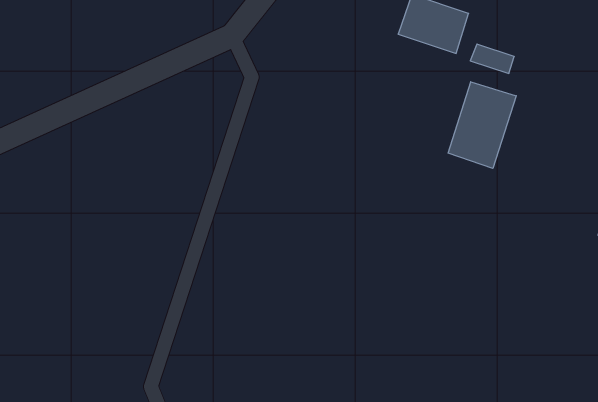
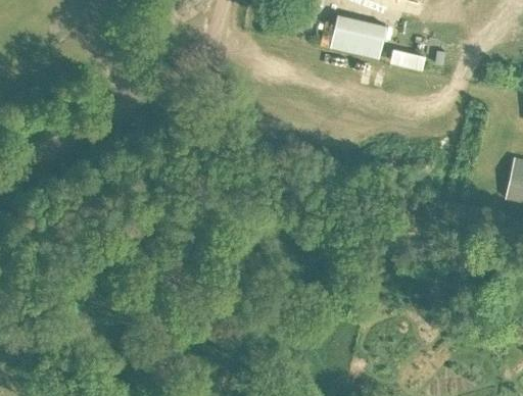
building: [448,82,516,168] -> none

